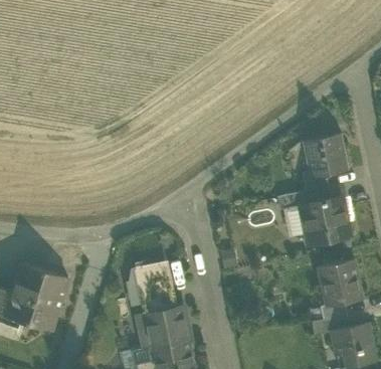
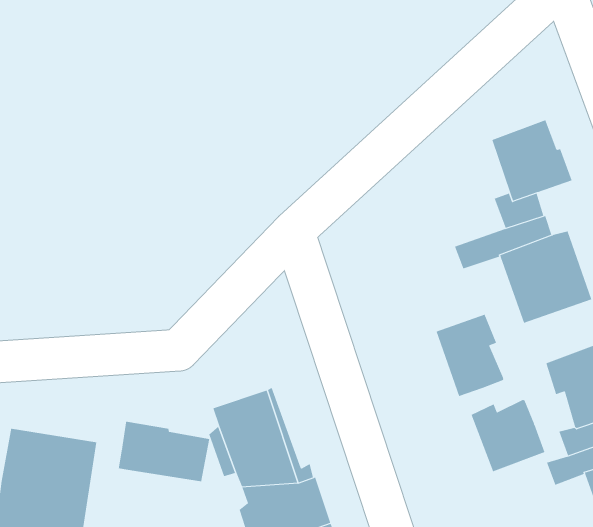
building: none -> [436,314,504,397]
building: none -> [118,421,210,482]
building: none -> [471,399,545,472]

